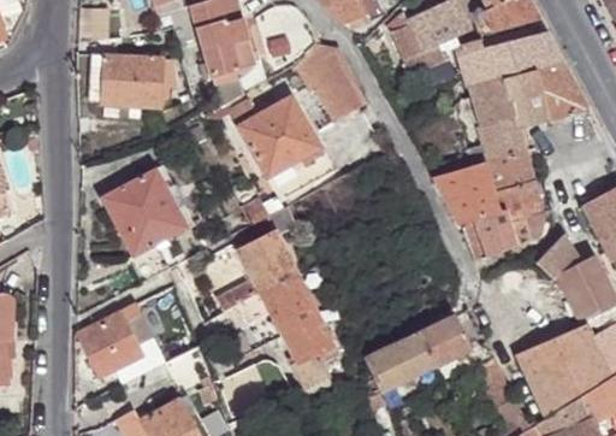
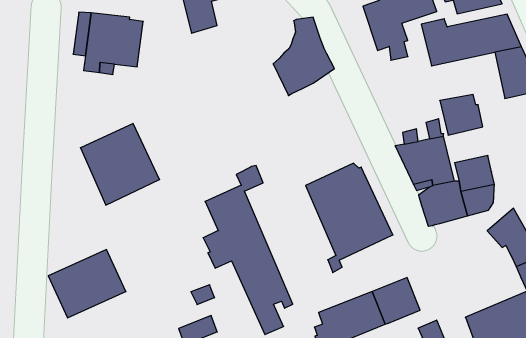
building: [468,72,547,129] -> none
building: [241,96,336,213] -> [306,163,393,273]
building: [490,152,533,192] -> none

